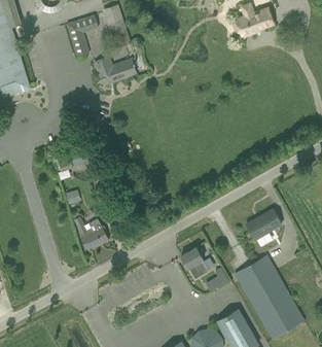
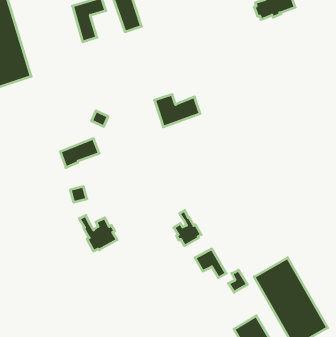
building: [95,56,137,85] -> [154,95,200,127]
building: [247,209,283,240] -> none
building: none -> [174,210,201,246]

